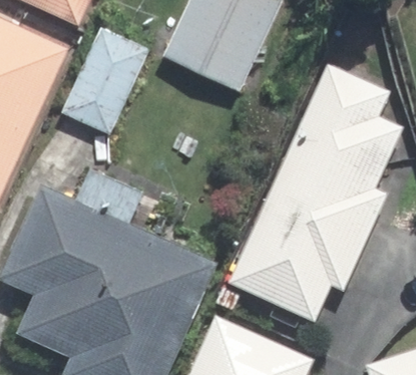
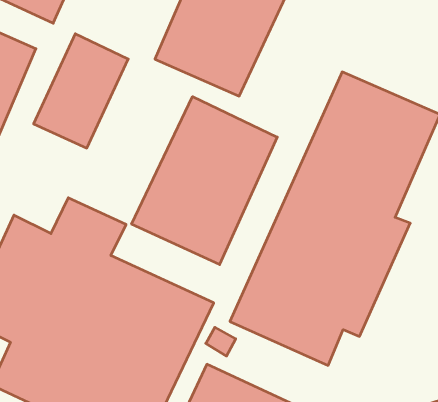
building: none -> [132,97,277,265]

